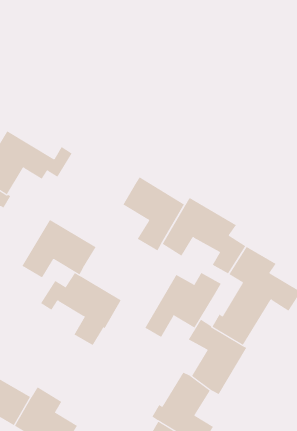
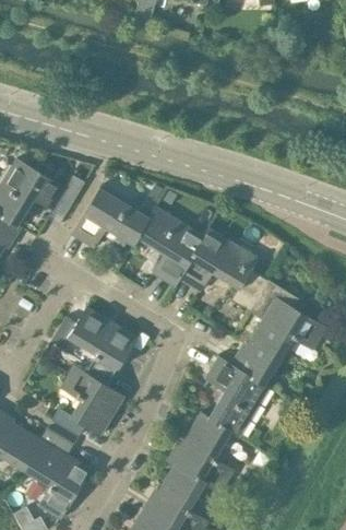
building: [22,219,96,278] -> [71,186,150,248]
building: [145,272,222,338] -> none
building: none -> [51,367,123,437]

